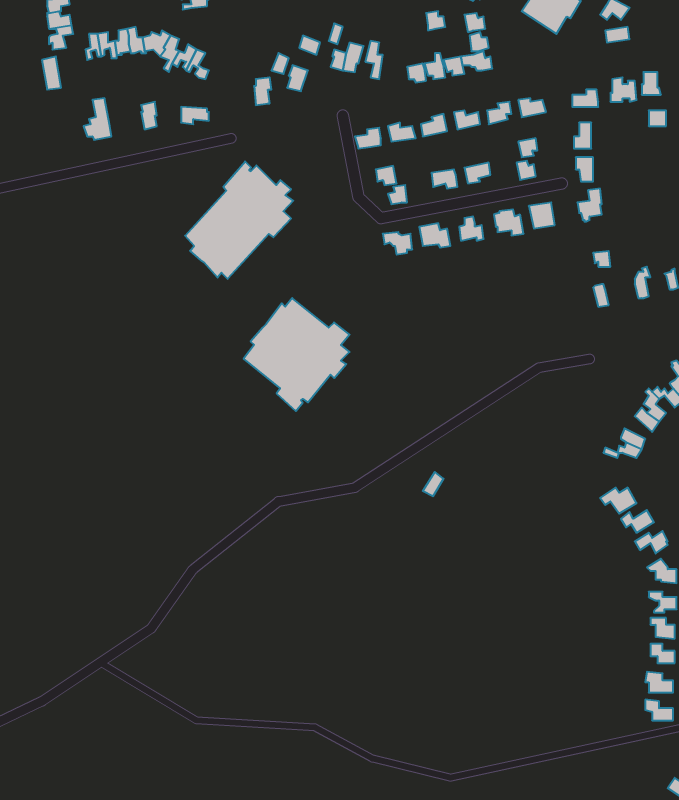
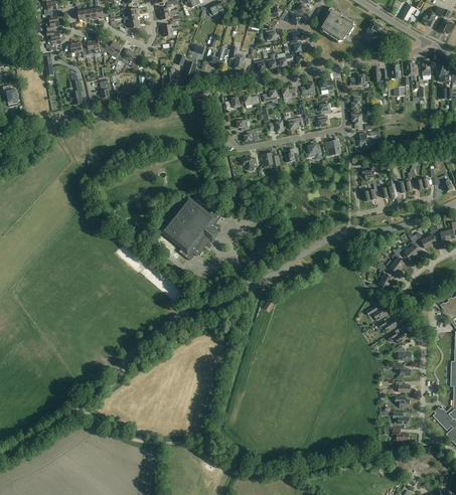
building: [185,161,293,279] -> none

